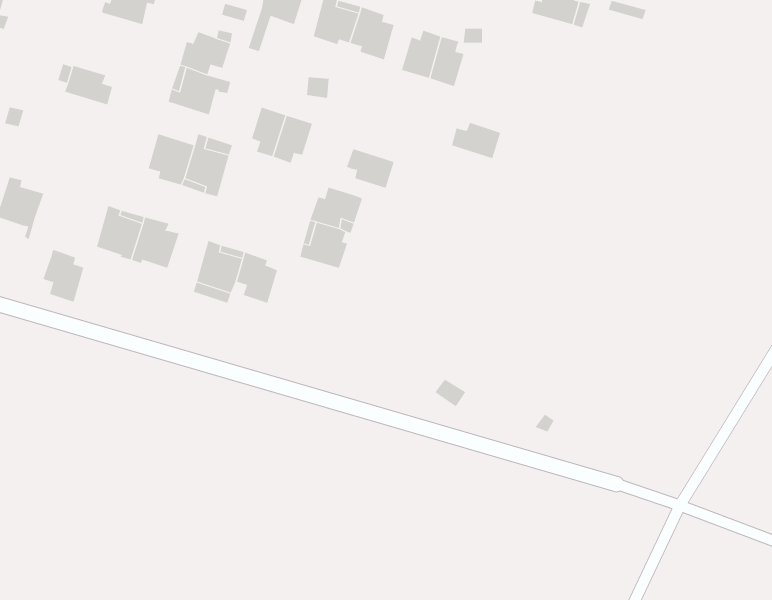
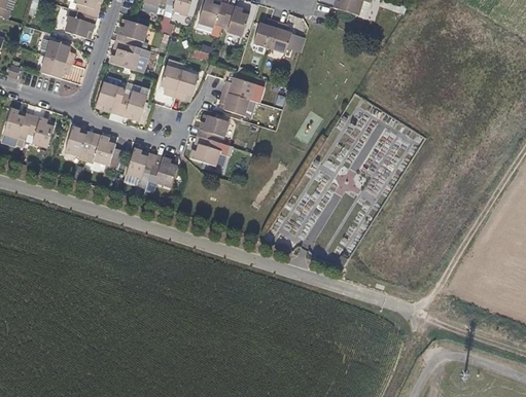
building: none -> [64,8,97,38]
building: none -> [40,57,72,78]
building: [451,122,501,159] -> [223,77,254,100]
building: [42,249,84,302] -> [28,115,54,148]

